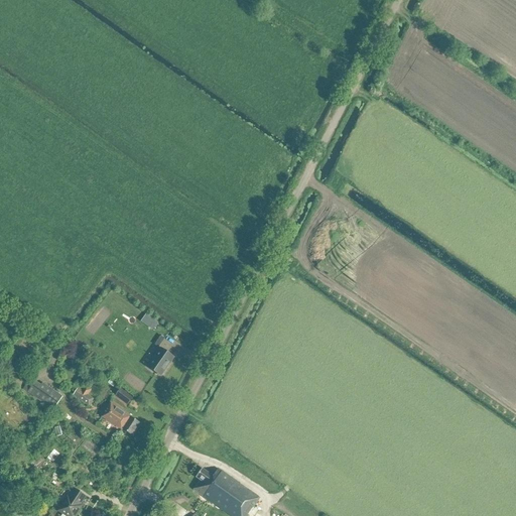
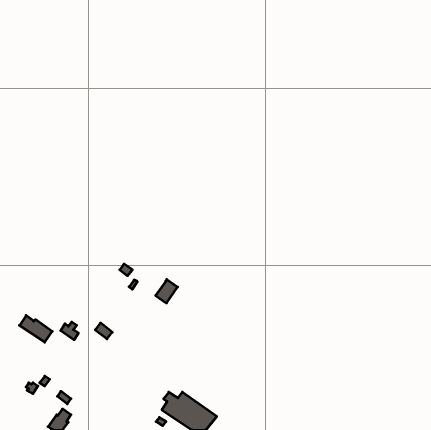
building: [147,348,173,376] -> [156,279,178,303]
building: [103,402,139,435] -> none

